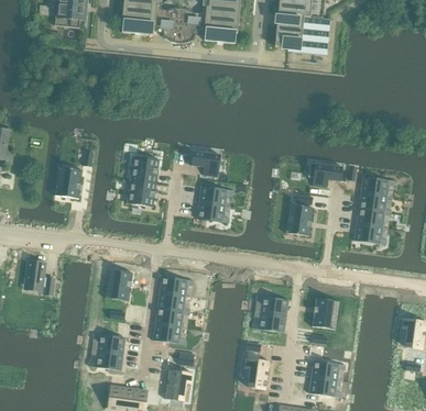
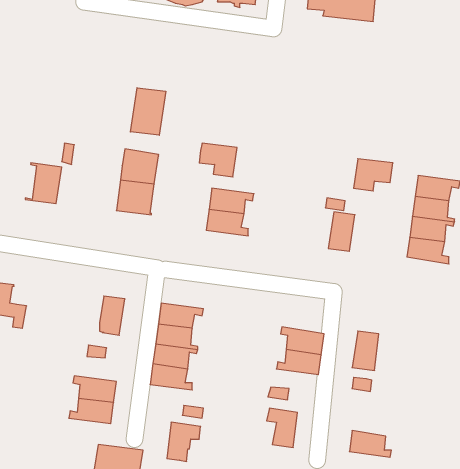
building: none -> [130,88,166,135]
building: [310,358,346,379] -> none

